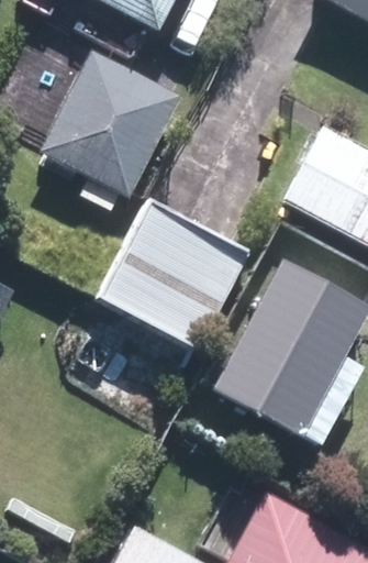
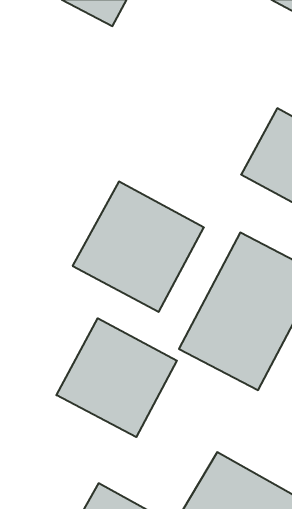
building: [36,55,176,201] -> none
building: none -> [56,318,177,437]

